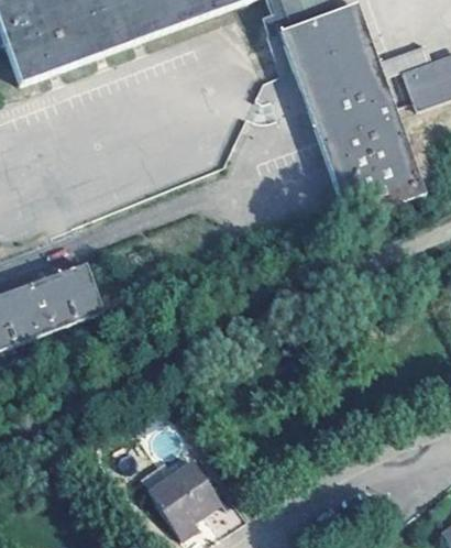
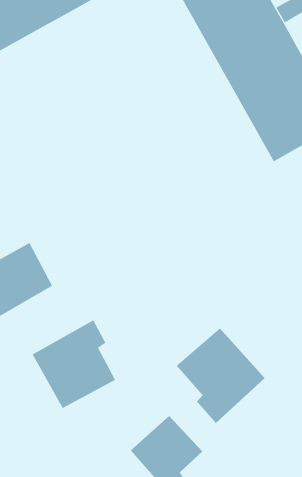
building: none -> [32,319,116,409]
building: none -> [176,327,266,424]

